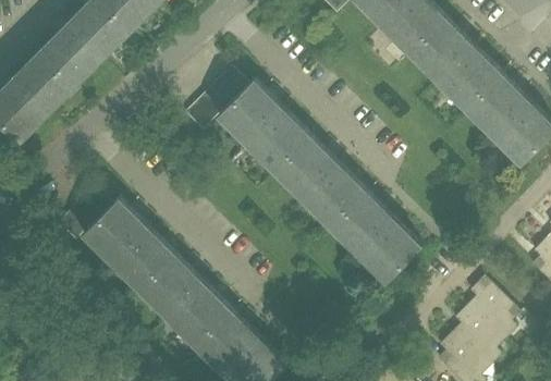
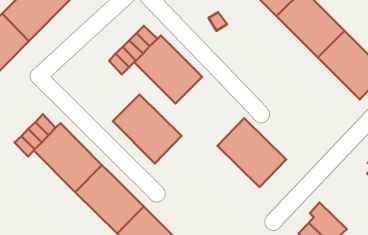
building: [272,136,365,229] -> [113,95,181,163]
building: [466,278,518,341] -> none

